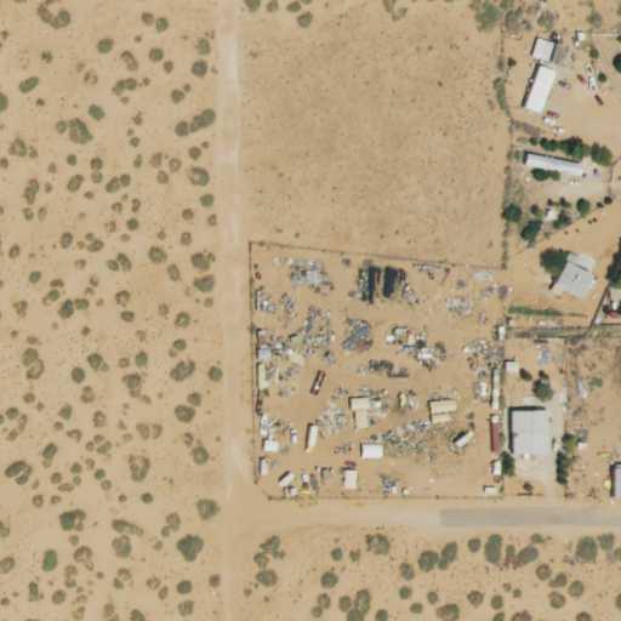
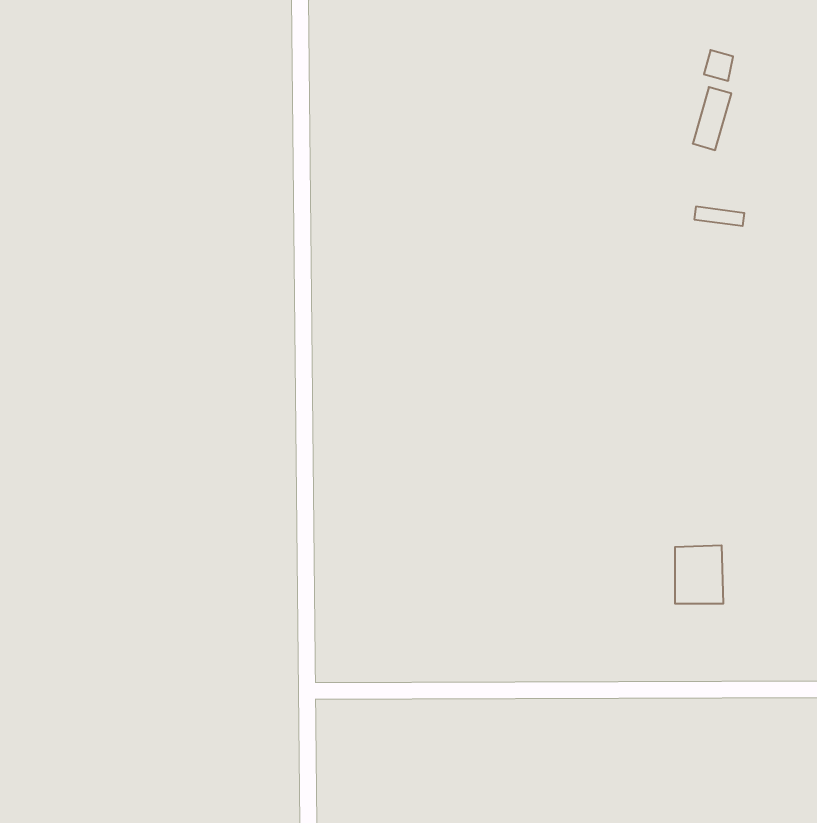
building: [554,262,593,297] -> none

